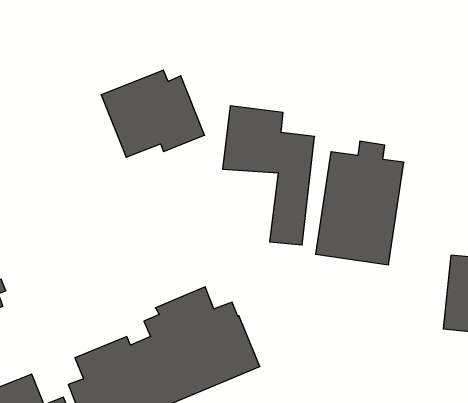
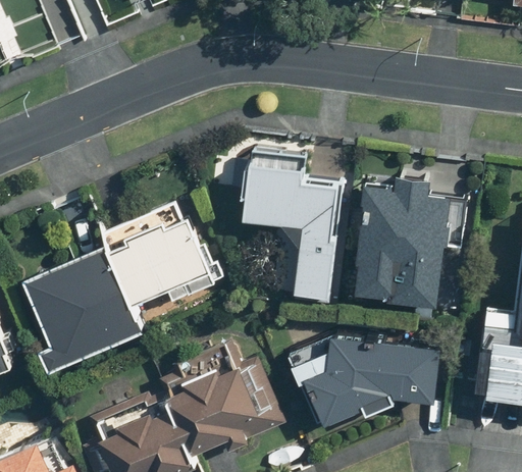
building: [101,70,205,157] -> [109,210,219,303]
building: none -> [33,250,137,361]
building: none -> [289,329,447,428]

